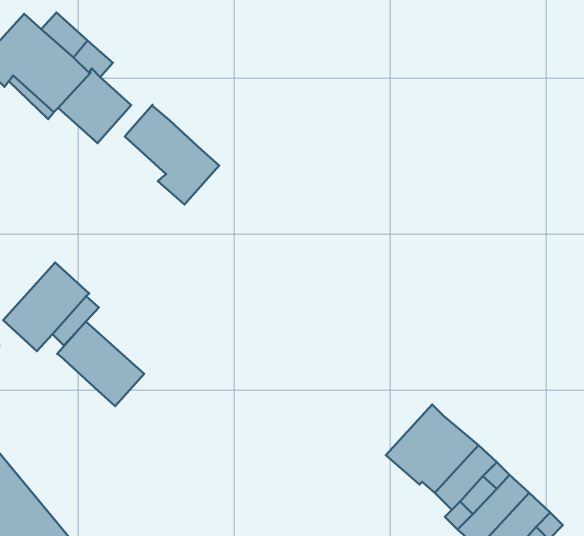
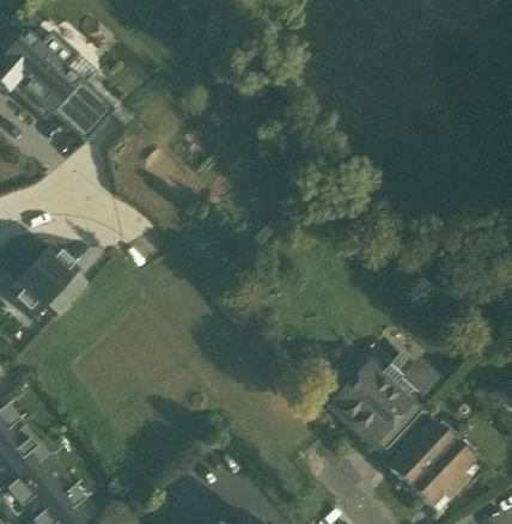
building: [125,105,219,205] -> none
building: [57,321,144,406] -> none
building: none -> [382,351,438,396]

